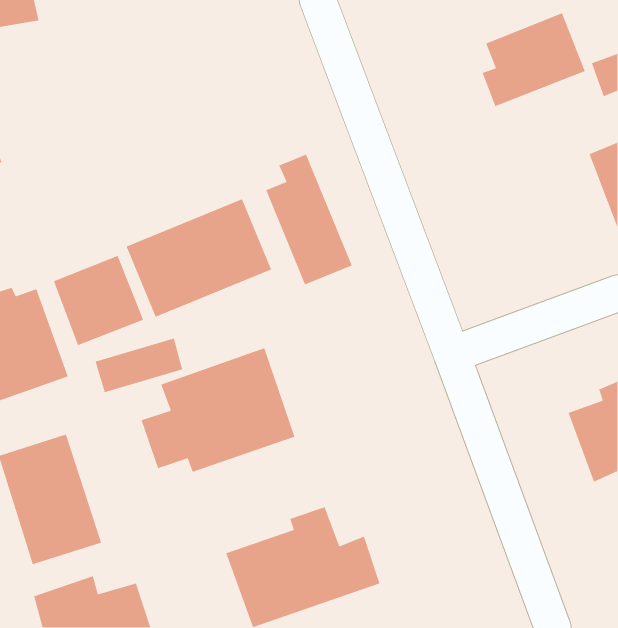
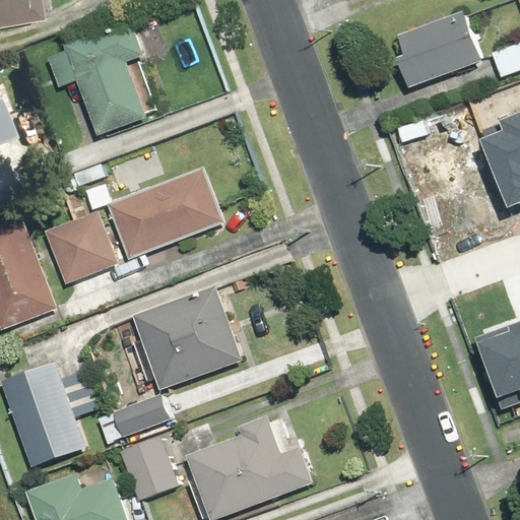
building: none -> [46,22,144,137]
building: [265,154,353,286] -> none
building: [94,338,183,393] -> [98,398,171,444]
building: none -> [121,439,179,502]

